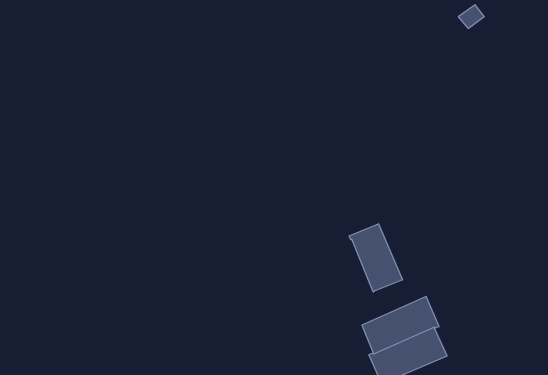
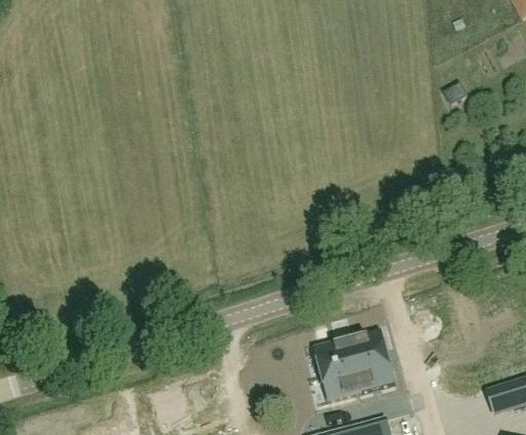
building: [349,224,402,292] -> none

